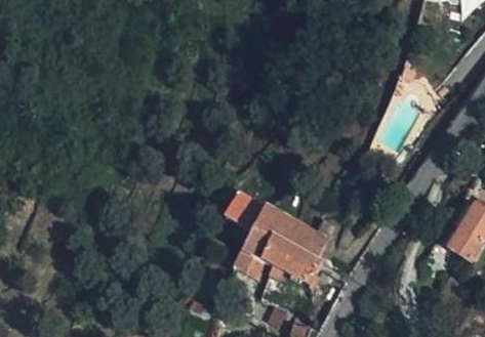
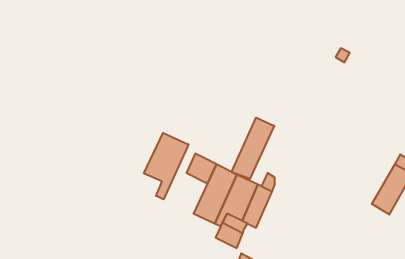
building: none -> [232,118,274,179]
building: none -> [144,133,189,199]

